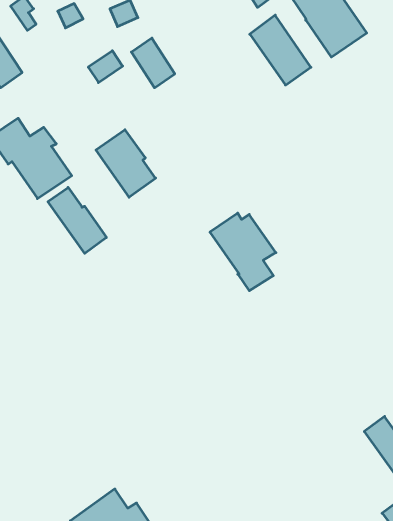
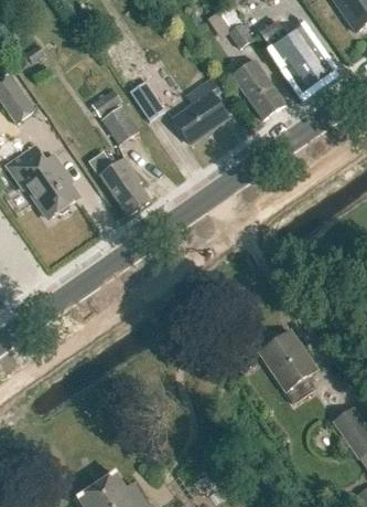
building: none -> [173,77,228,142]
building: none -> [102,105,140,145]
building: [48,187,106,253] -> none
building: [210,213,276,291] -> [259,336,316,403]

